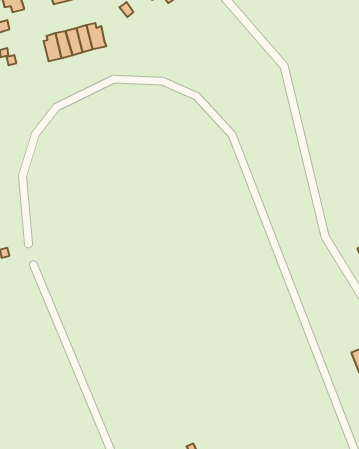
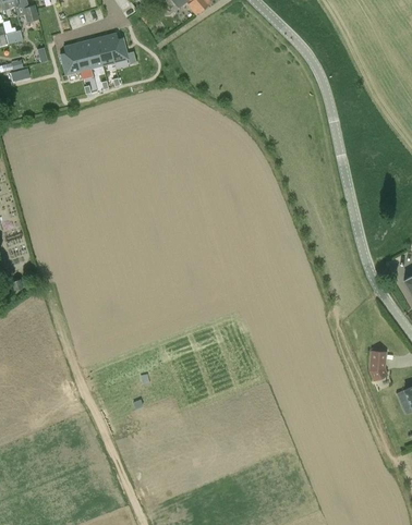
building: none -> [369,350,388,380]

